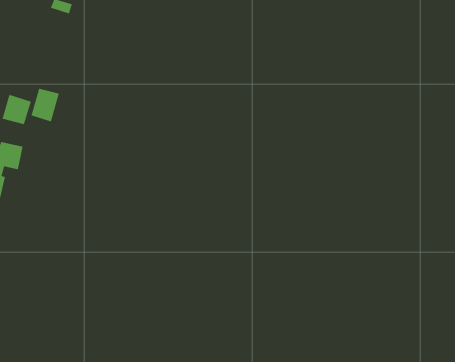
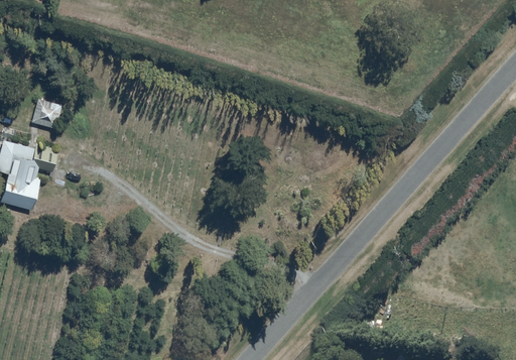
building: [31,88,60,122] -> none

